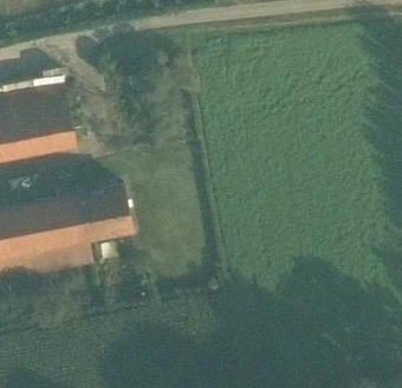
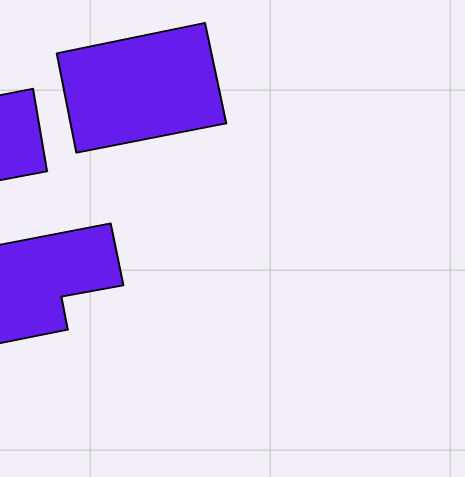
building: none -> [57,23,226,153]

